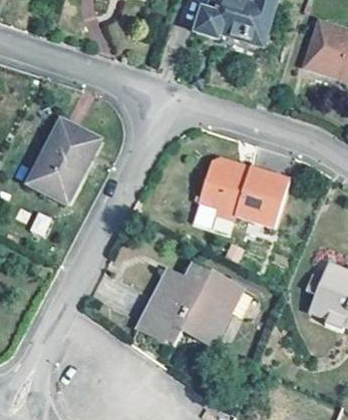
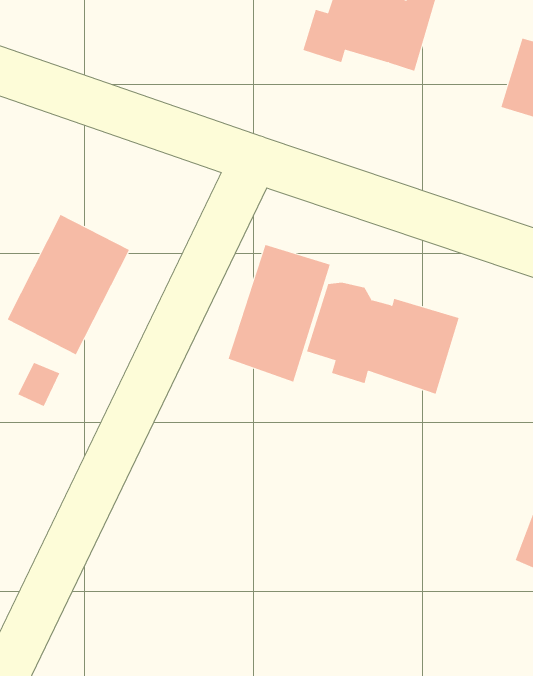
building: none -> [228,244,331,382]
building: [137,269,236,350] -> none

